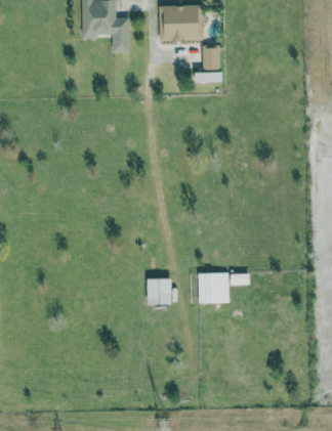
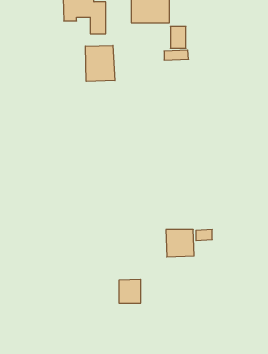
building: none -> [85,45,115,81]
building: [147,277,171,304] -> [119,279,141,303]

